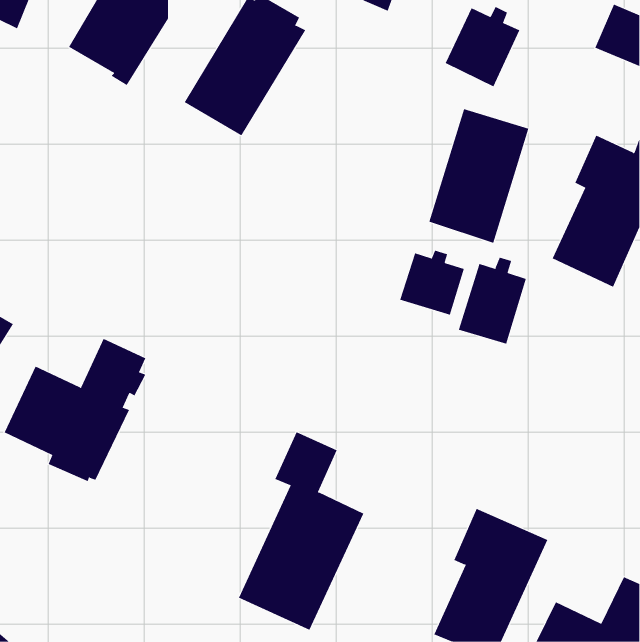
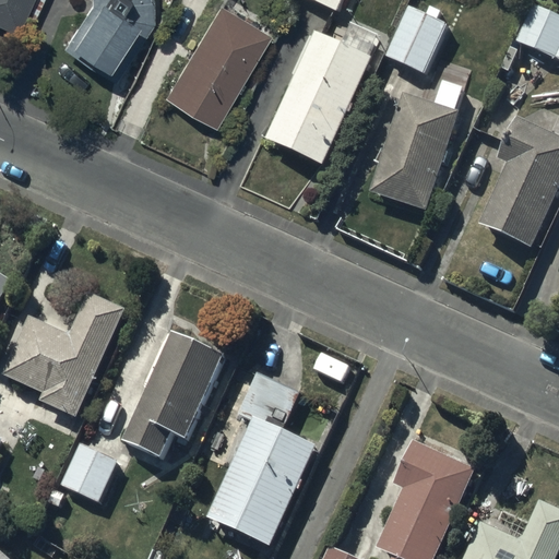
building: none -> [265,22,378,165]
building: [400,250,465,315] -> none
building: [458,257,527,344] -> none
building: none -> [122,331,225,457]
building: none -> [60,443,118,502]

